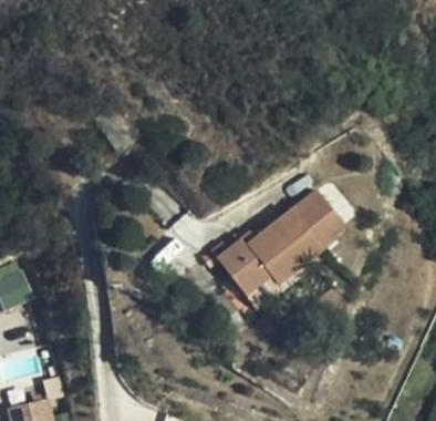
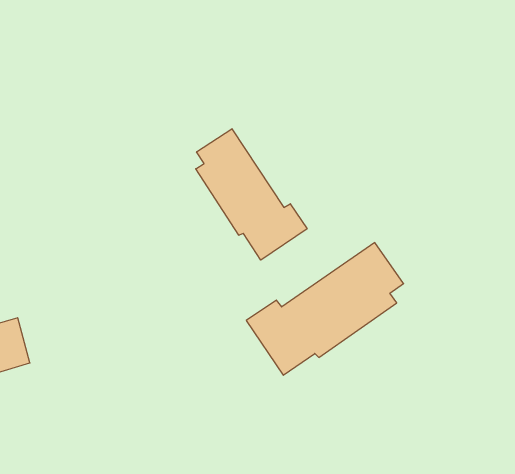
building: none -> [196,129,307,260]

